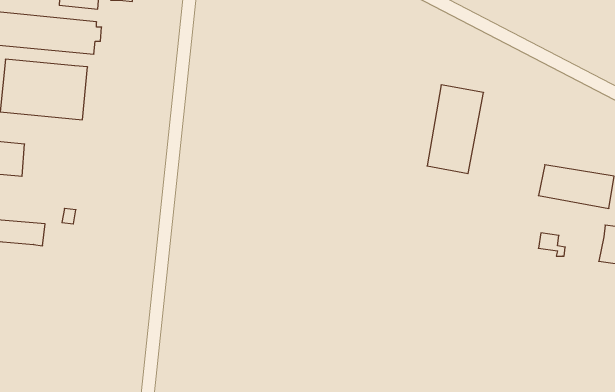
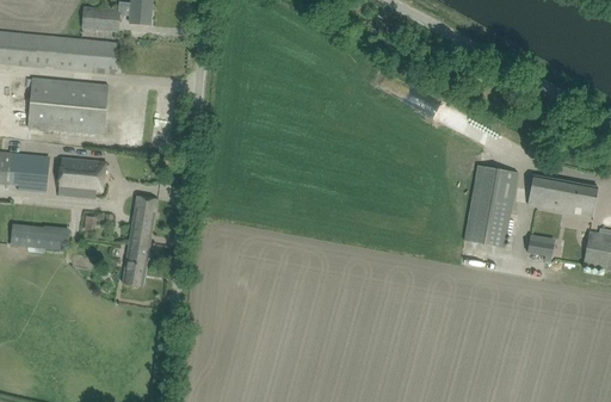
building: [427,85,484,174] -> [464,165,517,247]
building: none -> [57,157,105,198]
building: none -> [122,196,156,286]

